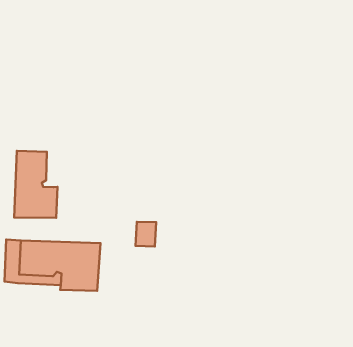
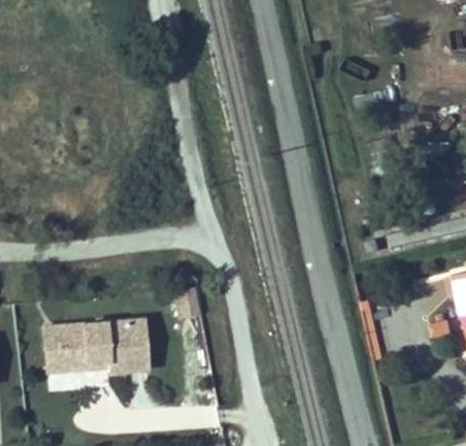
building: [14,151,58,218] -> none

